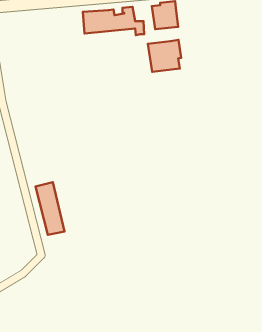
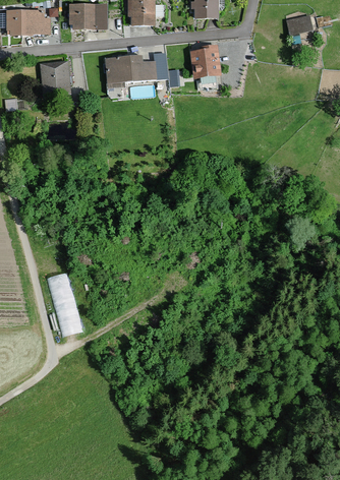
building: none -> [39,58,74,97]
building: [148,40,181,72] -> none

